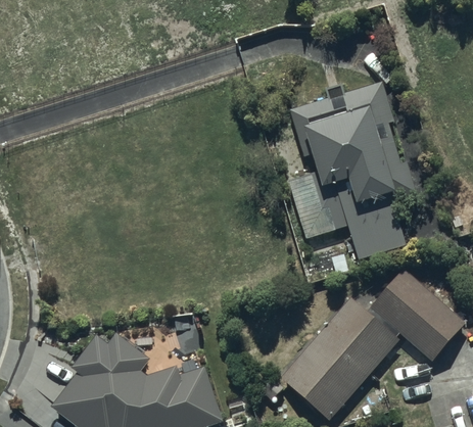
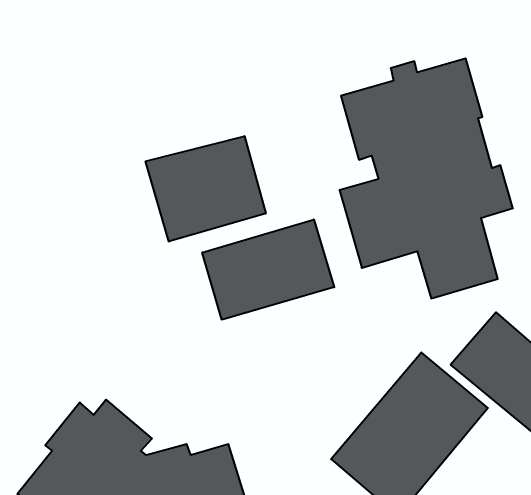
building: none -> [146,136,266,242]
building: none -> [202,219,334,320]

